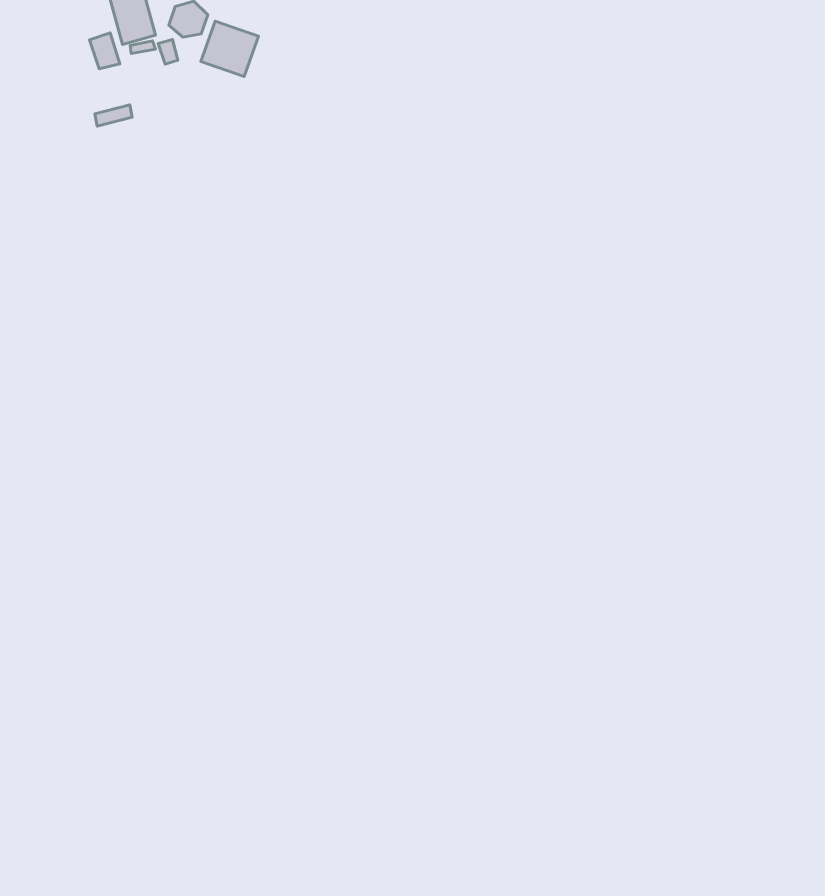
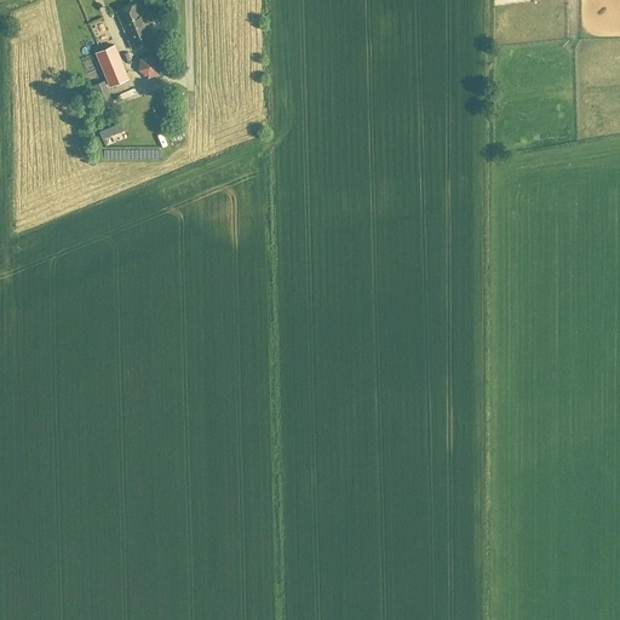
building: [201,21,258,77] -> none

